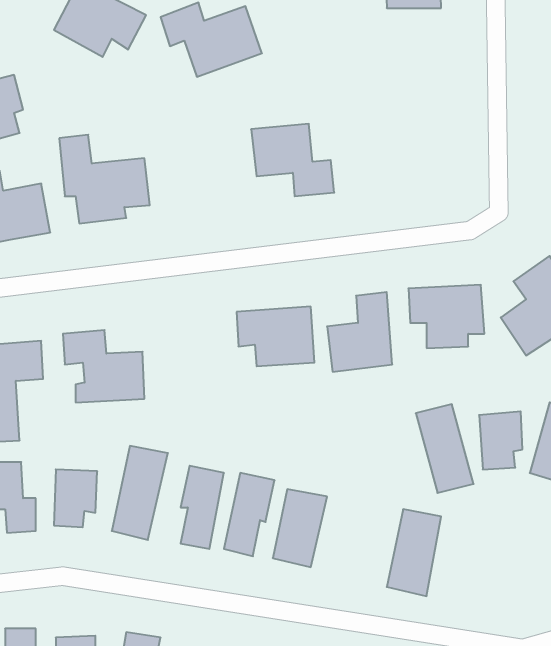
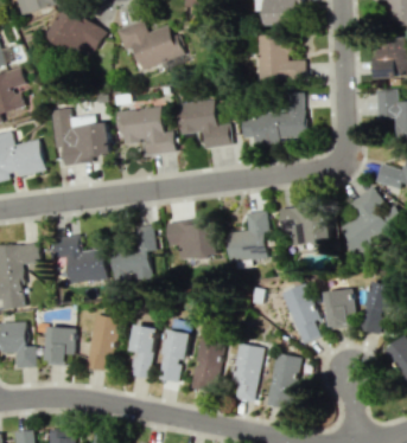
building: none -> [257,37,305,82]
building: none -> [242,92,306,142]
building: none -> [116,108,176,155]
building: none -> [112,225,157,280]
building: none -> [231,344,265,402]

